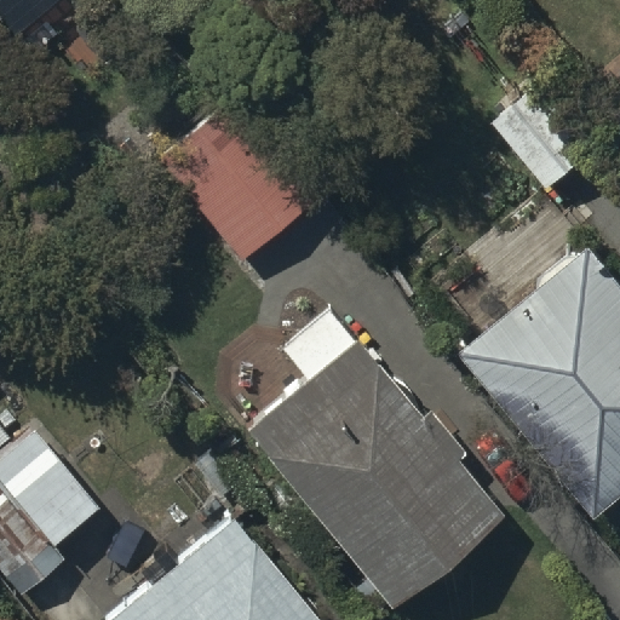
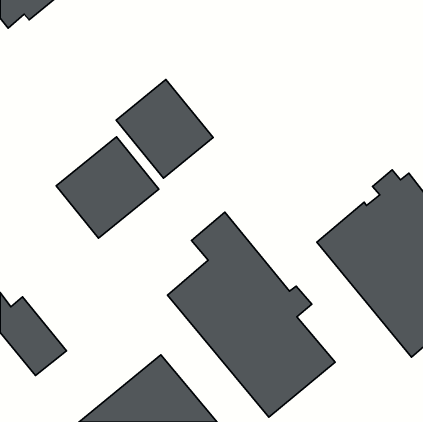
building: none -> [56,137,159,238]

